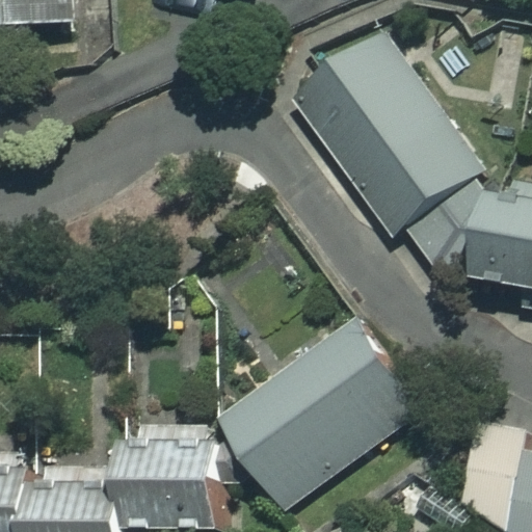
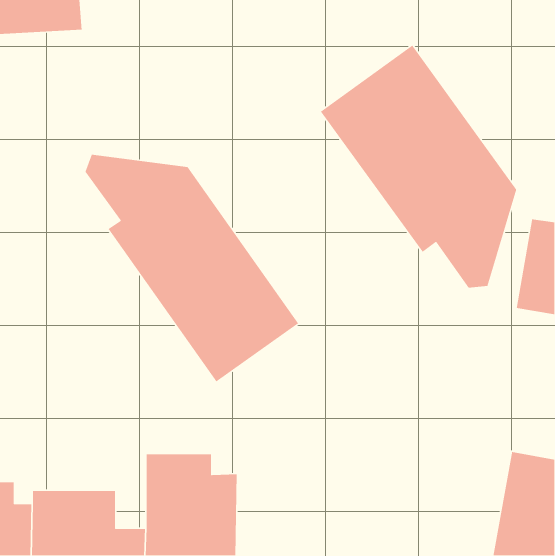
building: none -> [84,154,299,382]
building: [220,323,419,508] -> none

